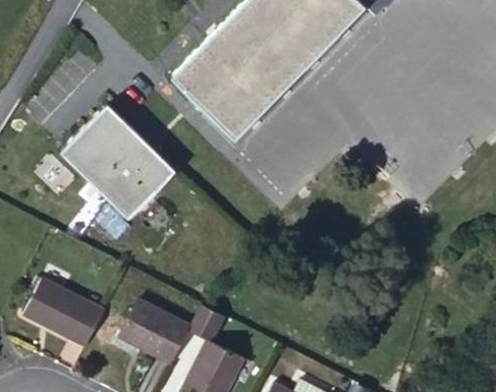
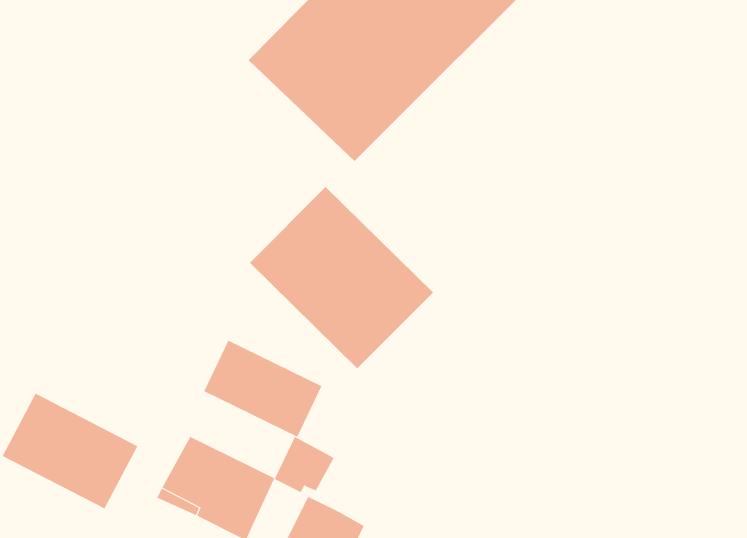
building: [62,105,175,217] -> [249,186,434,369]
building: none -> [203,340,322,438]

